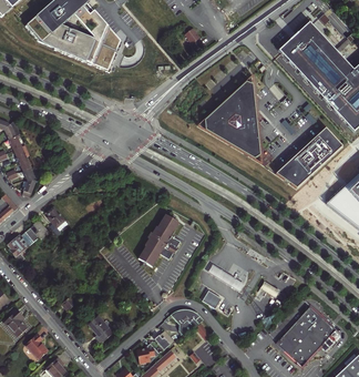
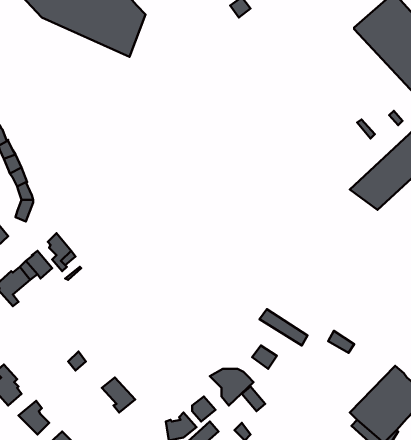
building: [204,81,259,156] -> none
building: [137,214,180,267] -> none

